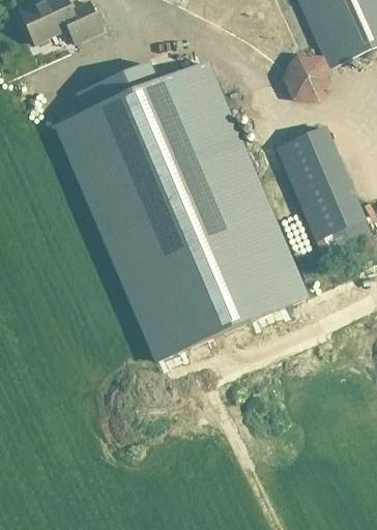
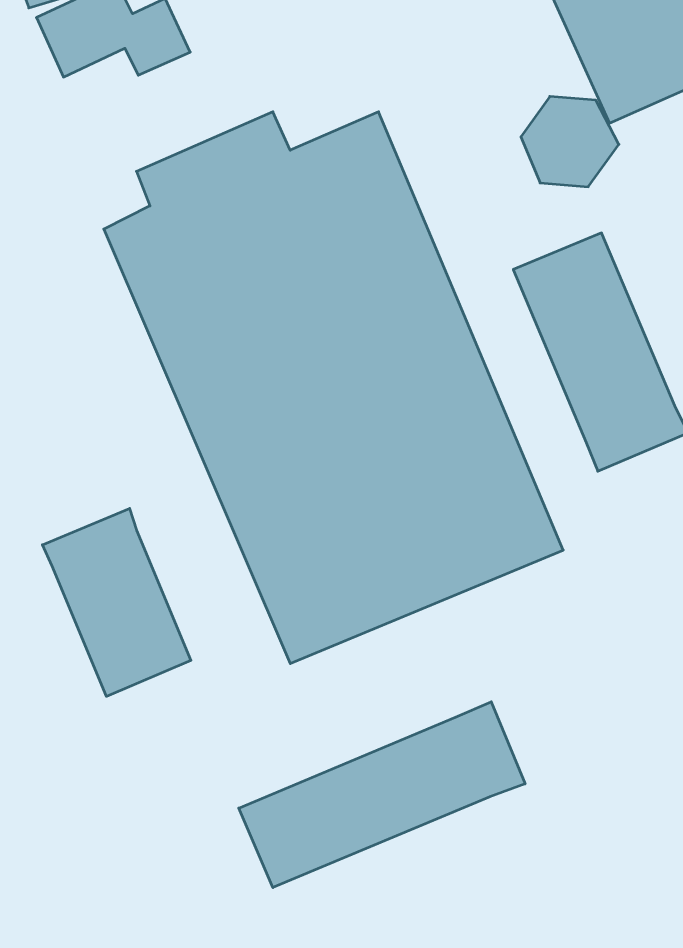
building: none -> [42,508,191,696]
building: none -> [239,702,525,888]

